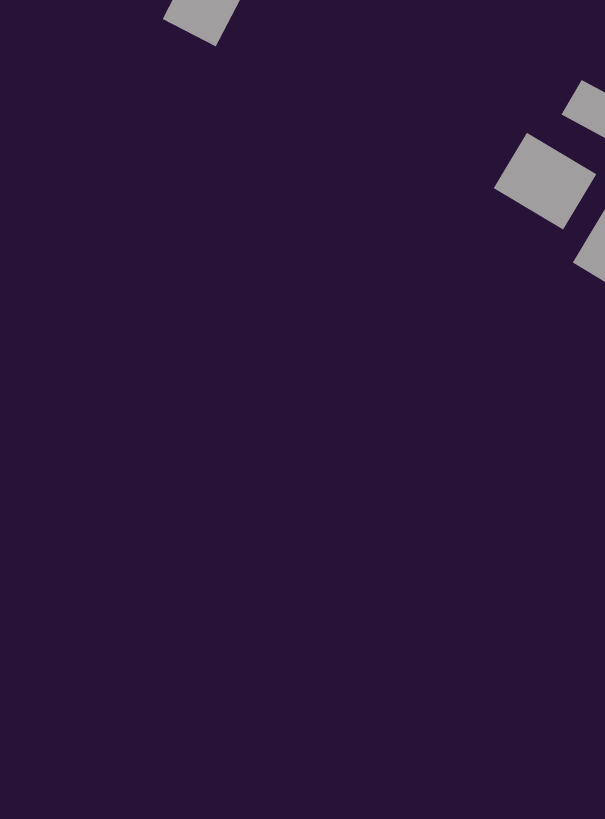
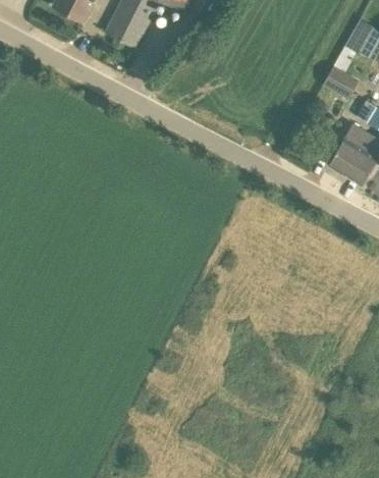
building: [493,132,597,230] -> none

